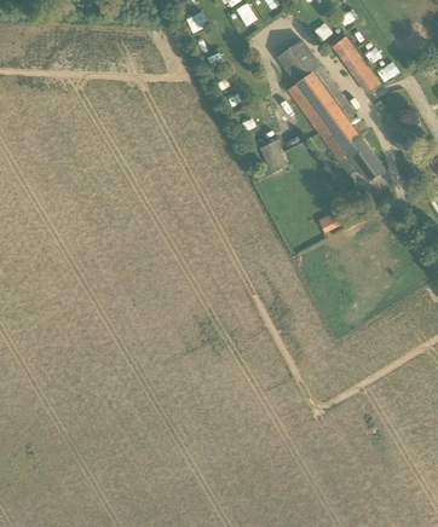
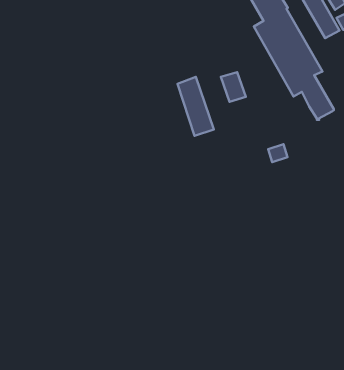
building: none -> [177,77,214,136]

